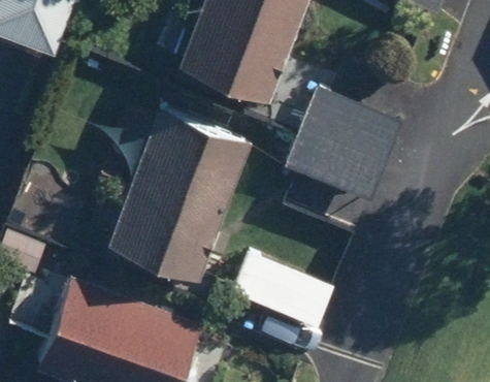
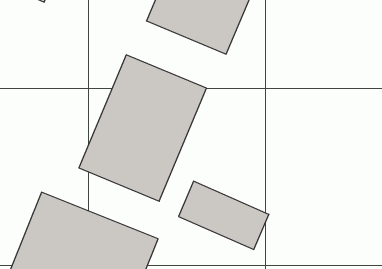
building: [281,88,401,202] -> none

